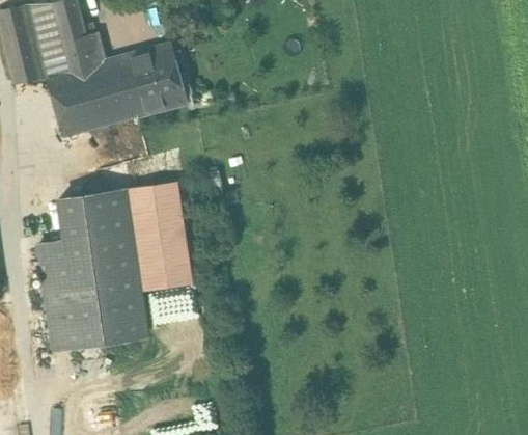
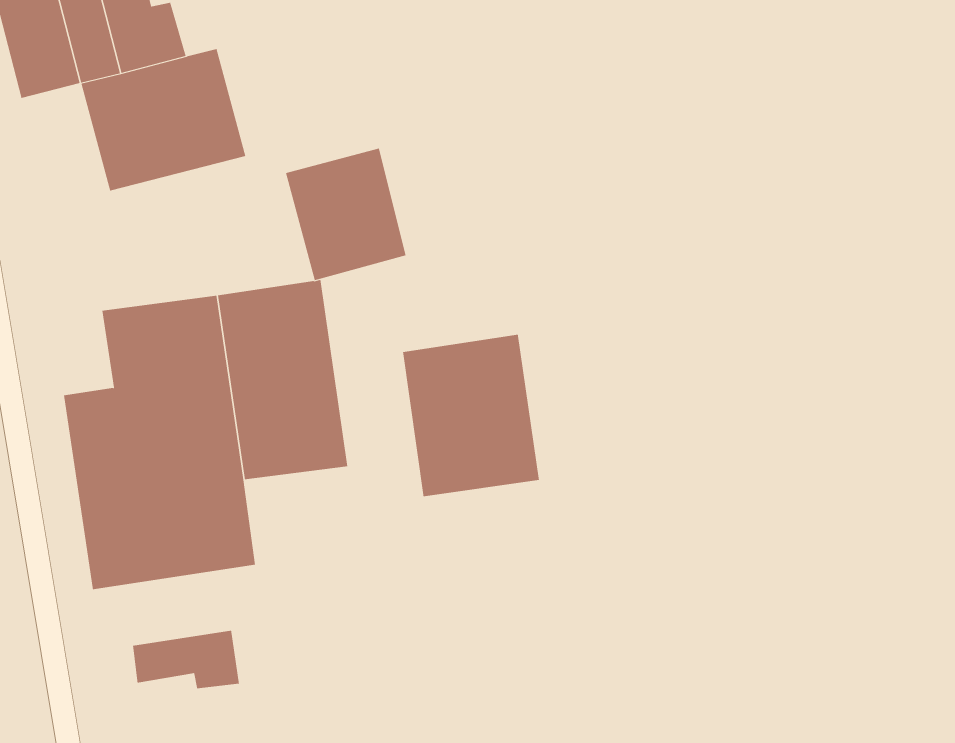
building: [120,45,186,116] -> [285,148,406,281]
building: none -> [402,334,539,497]
building: none -> [132,630,240,689]

